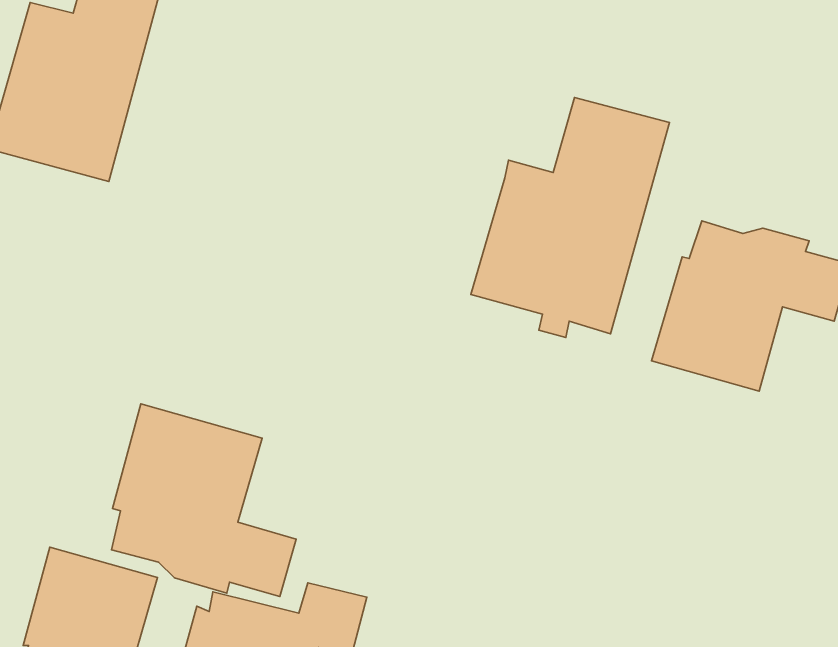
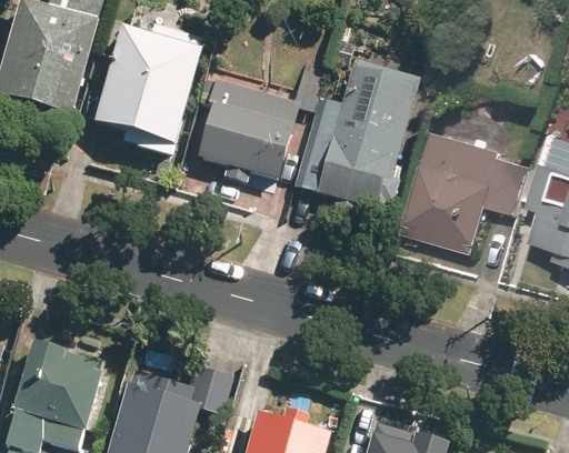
building: none -> [96,29,199,159]
building: none -> [200,82,322,181]
building: [112,404,296,597] -> none

